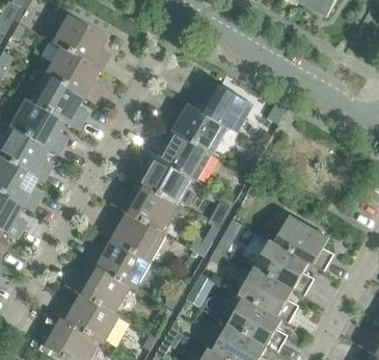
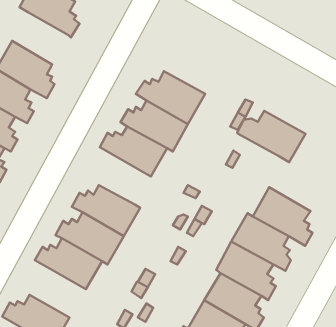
building: [44,48,100,103] -> none
building: [188,82,253,131] -> [237,111,306,162]
building: [111,183,177,232] -> none
building: [54,293,119,343] -> none

